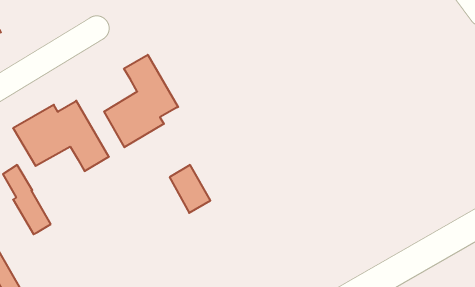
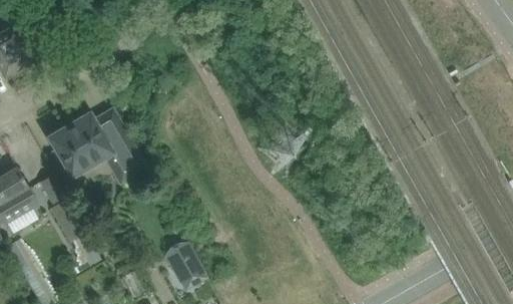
building: [104,55,178,147] -> none
building: [170,165,210,213] -> [164,243,204,290]

